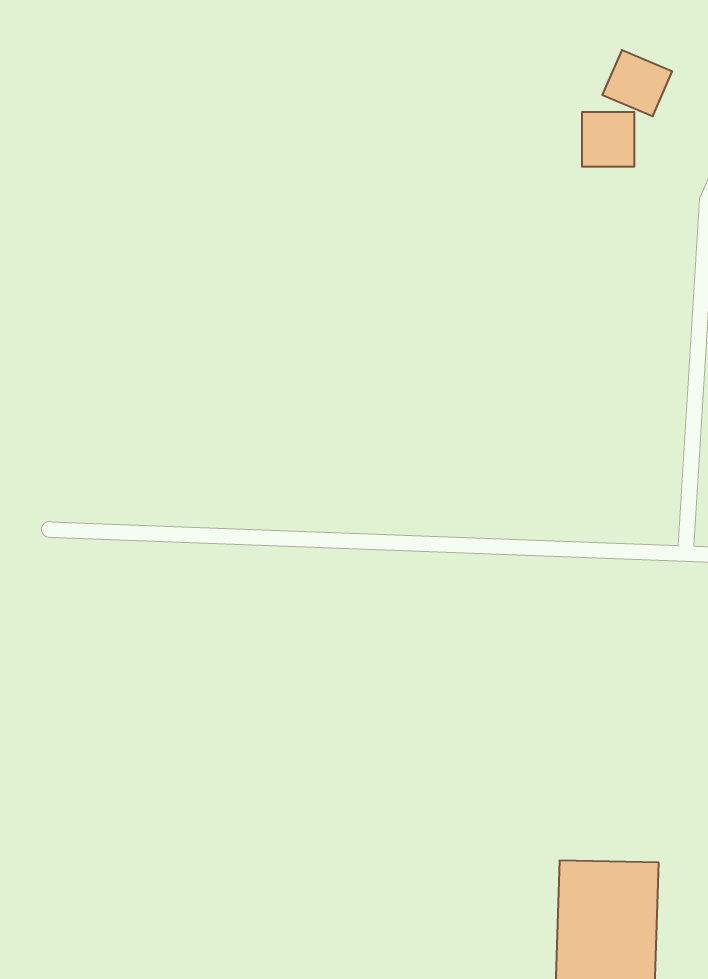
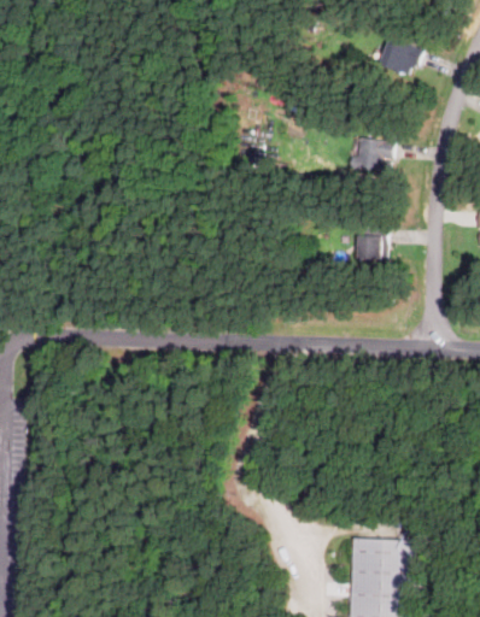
building: [582,112,634,167] -> [357,139,390,172]
building: none -> [357,233,386,258]

